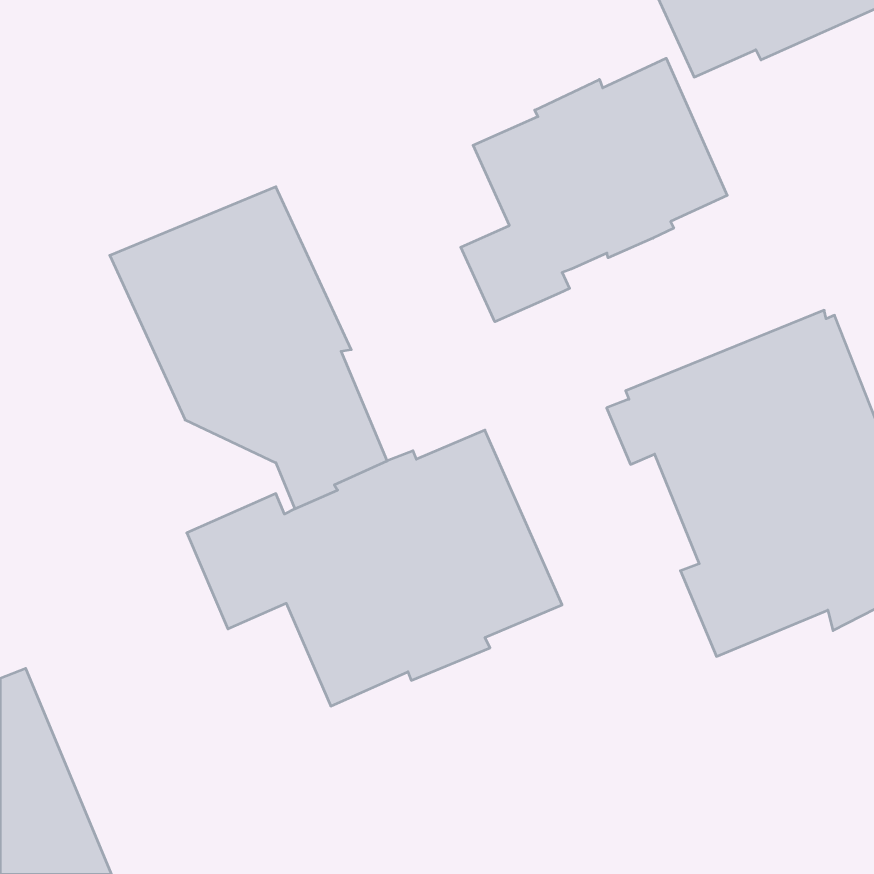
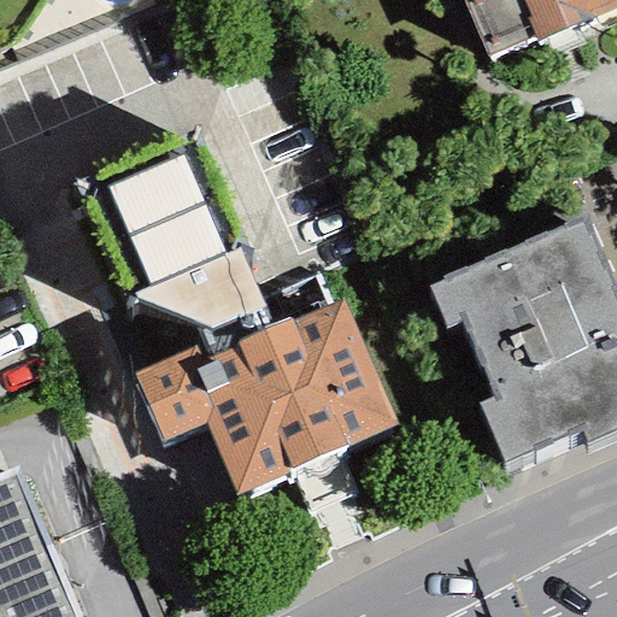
building: [461,58,727,322] -> none

